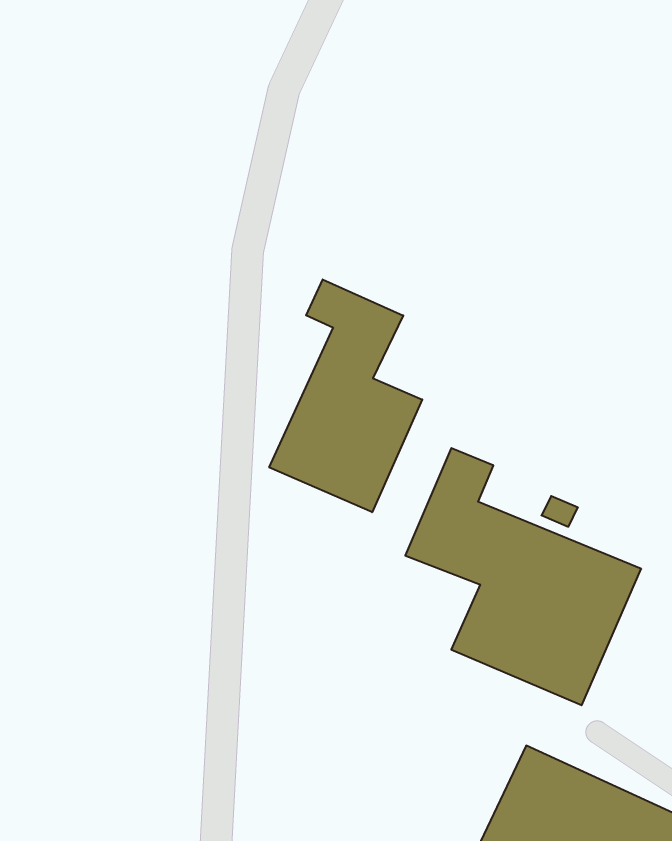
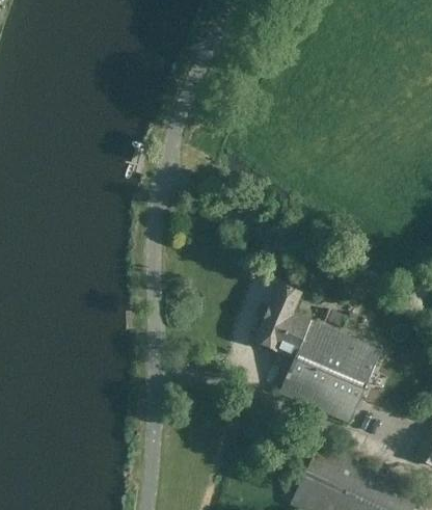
building: [269,279,422,512] -> none

